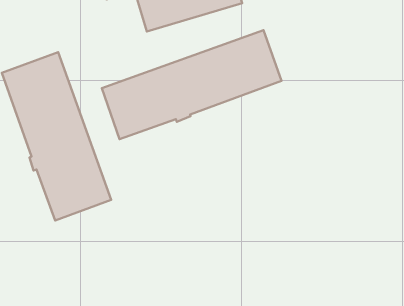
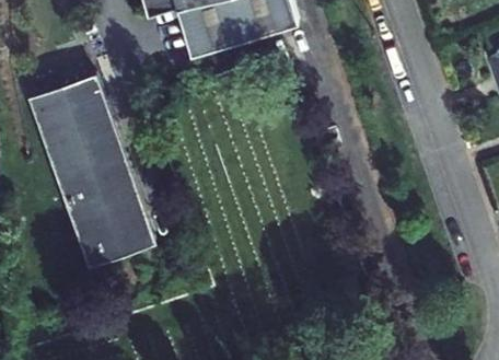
building: [102,30,281,139] -> none

